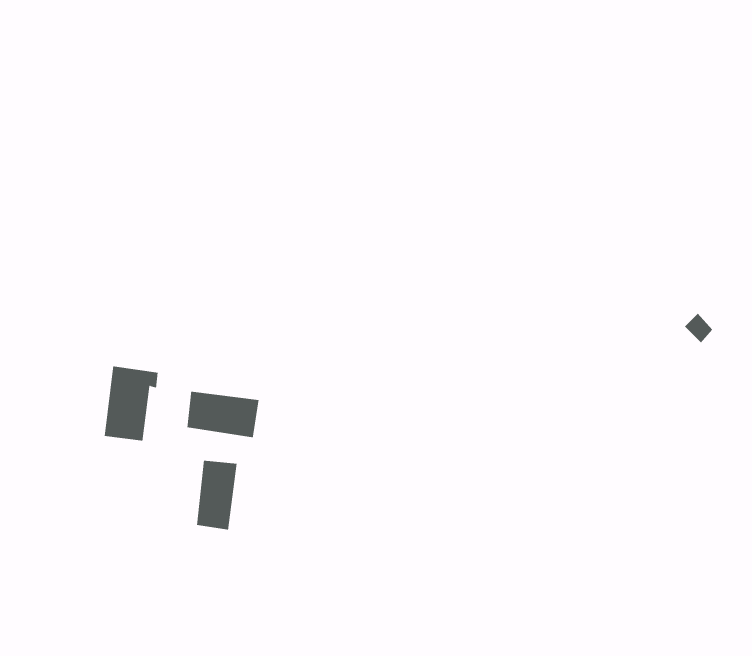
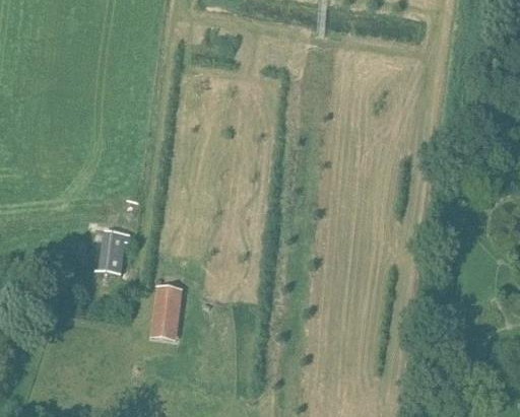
building: [187,391,259,438] -> none

